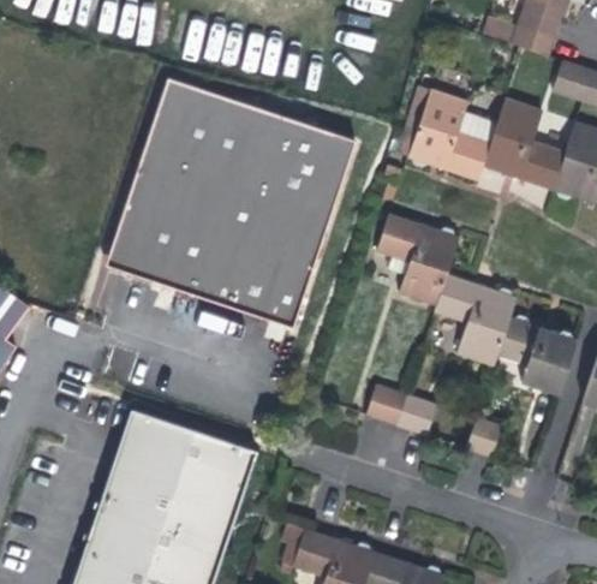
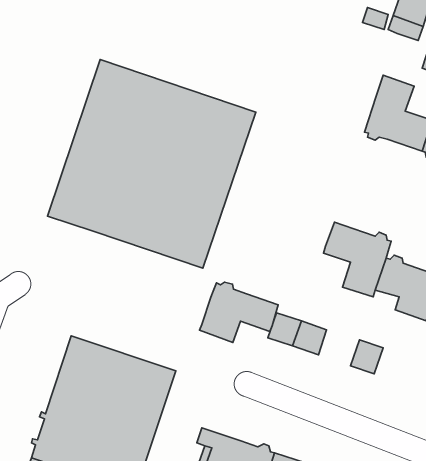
building: [408,89,499,179] -> none
building: [378,213,460,303] -> none
building: none -> [199,282,278,342]

